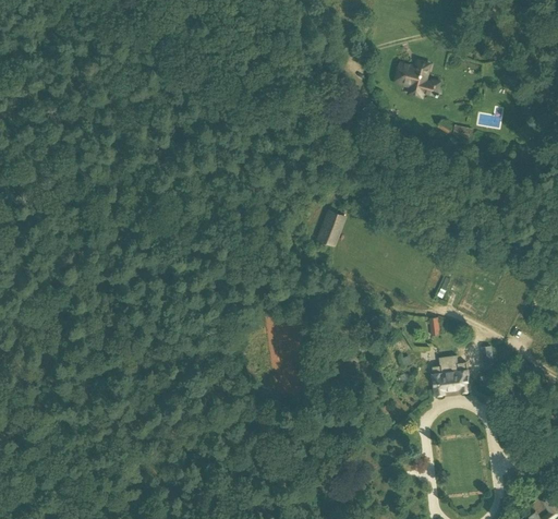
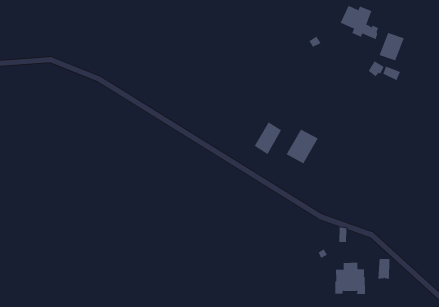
building: none -> [379,32,404,61]
building: none -> [286,129,319,164]

